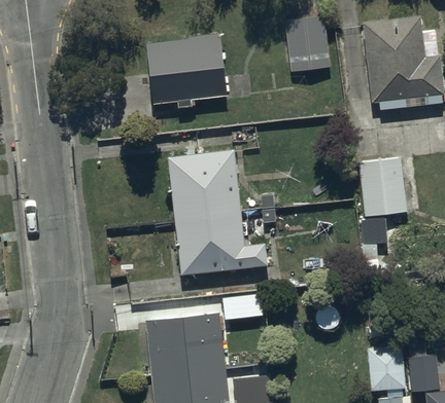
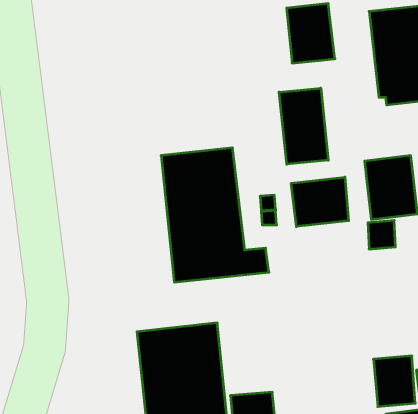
building: [145,33,227,108] -> none
building: none -> [279,88,328,164]
building: none -> [291,177,349,227]

